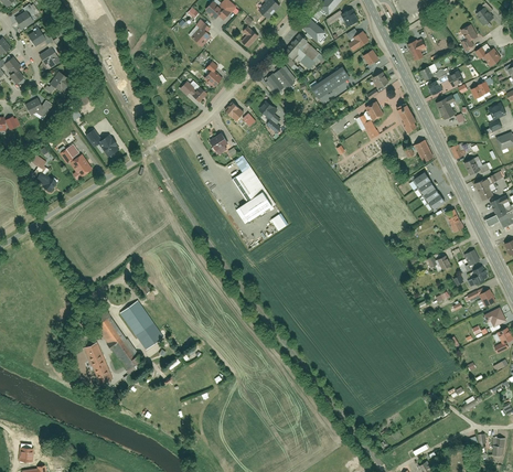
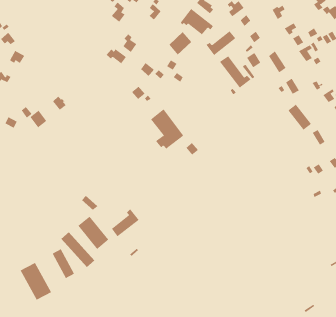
building: none -> [219,55,251,89]
building: none -> [111,209,139,237]
building: none -> [20,262,52,301]

